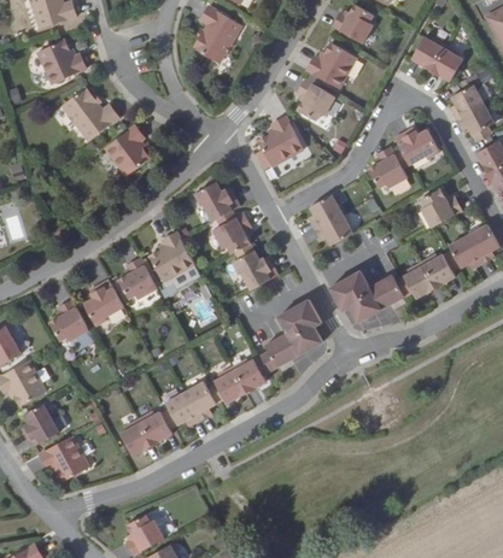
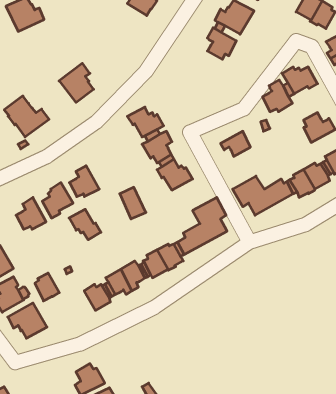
building: [62,88,119,141] -> [4,96,49,137]
building: [258,117,303,168] -> none
building: [309,195,343,229] -> none
building: [148,231,194,282] -> none
building: none -> [69,209,101,240]
building: [121,419,152,456] -> [35,273,59,301]

